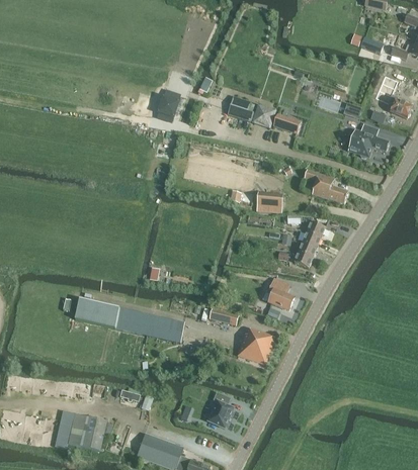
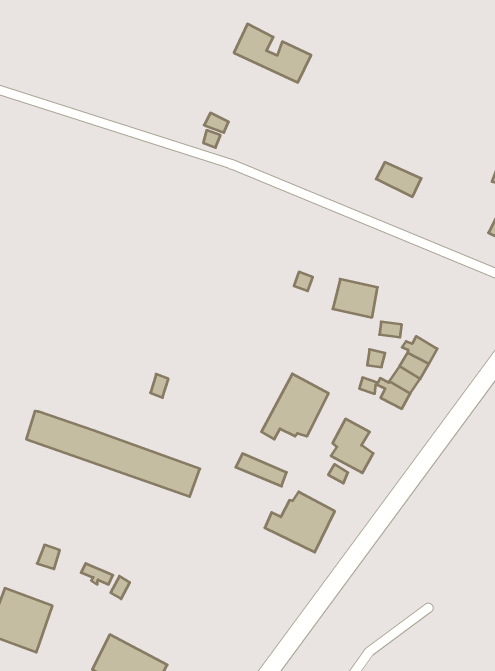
building: [228,94,276,126] -> [234,24,311,82]
building: [304,169,348,203] -> none
building: none -> [261,374,328,439]
building: [207,392,234,428] -> none

